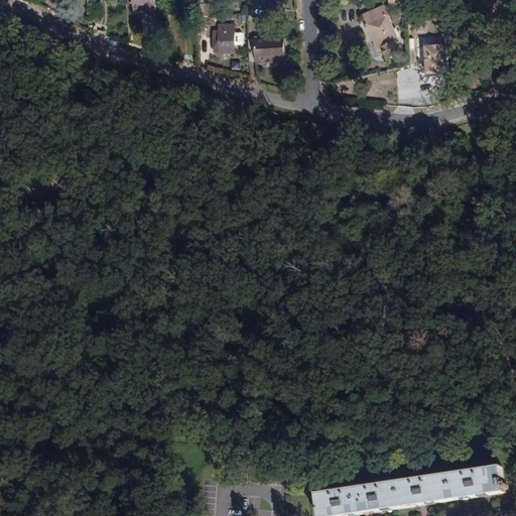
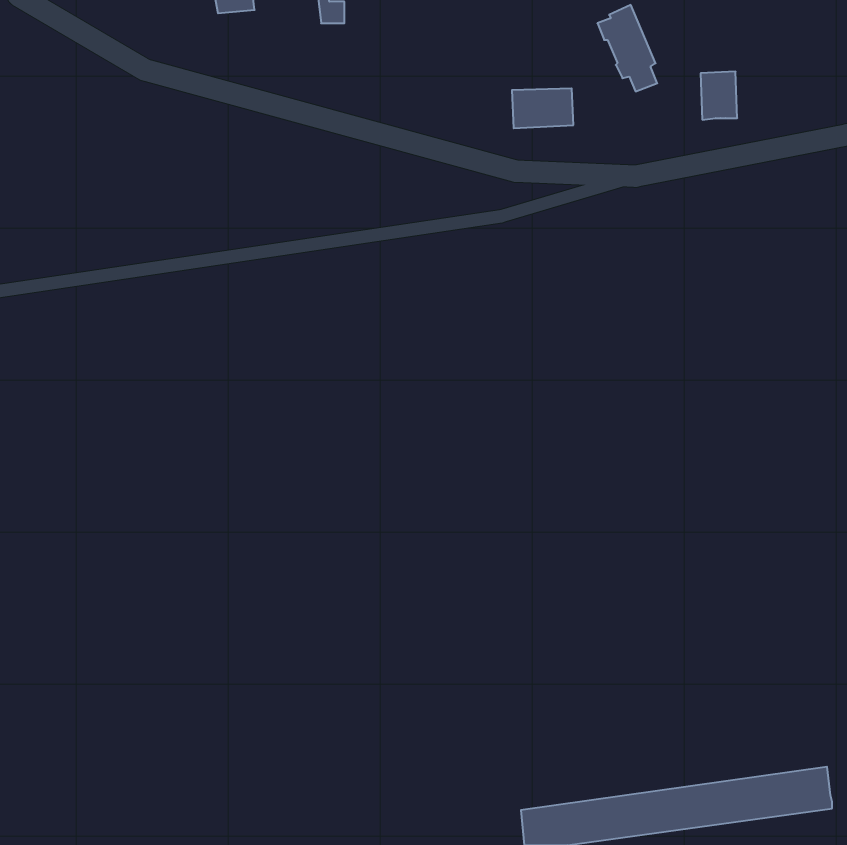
building: [212,22,233,50] -> none
building: [246,36,283,60] -> [512,88,573,128]

